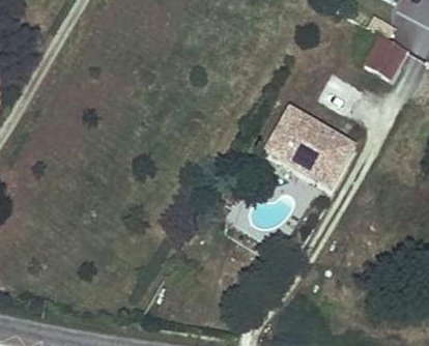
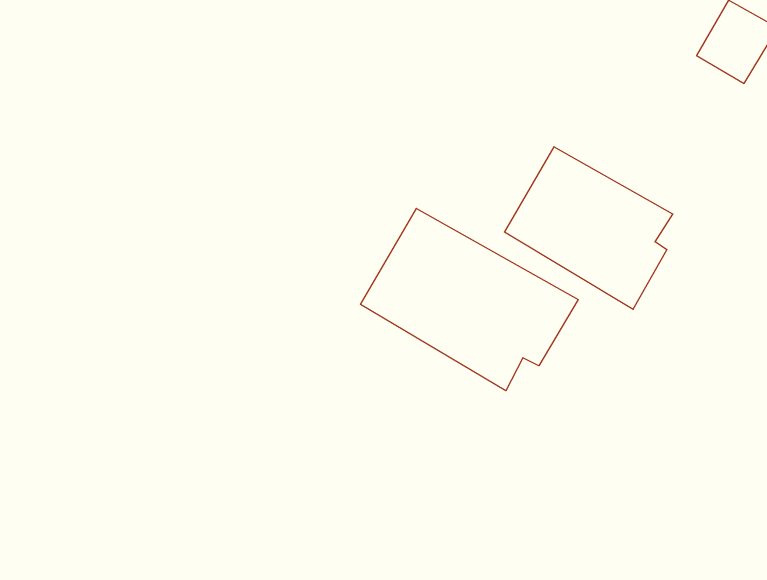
building: none -> [361,208,578,391]

